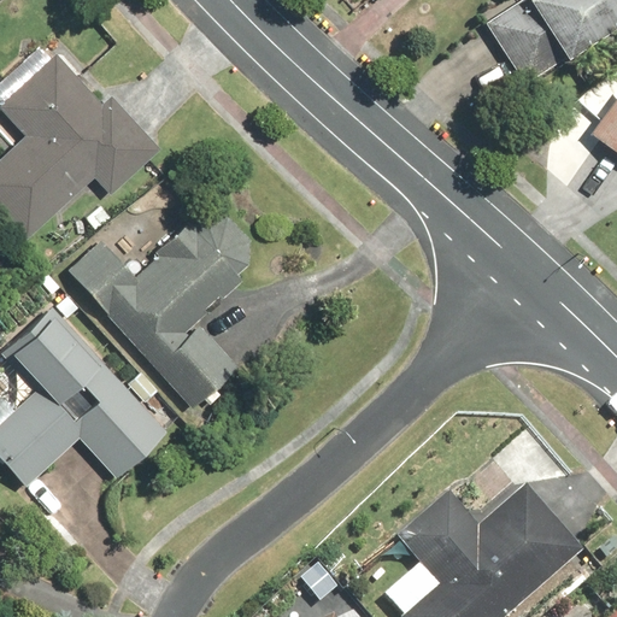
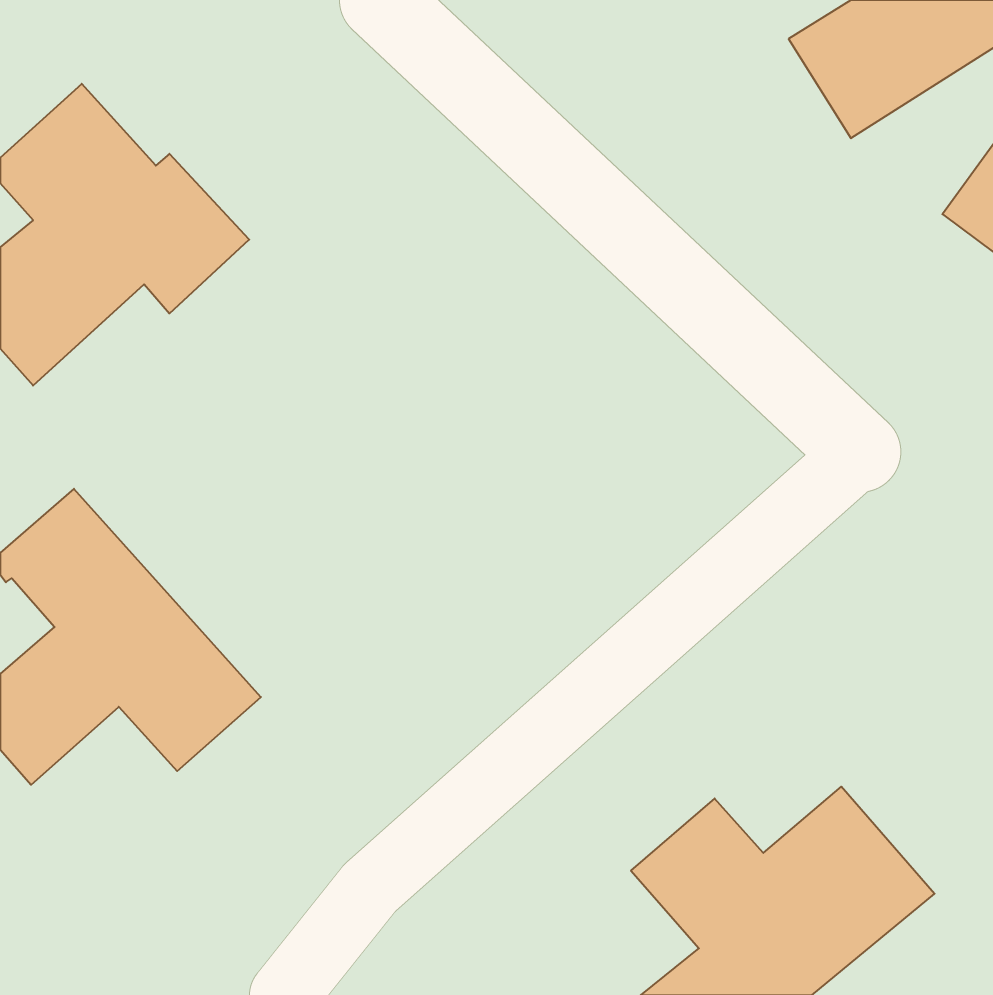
building: [74,215,254,404] -> none

